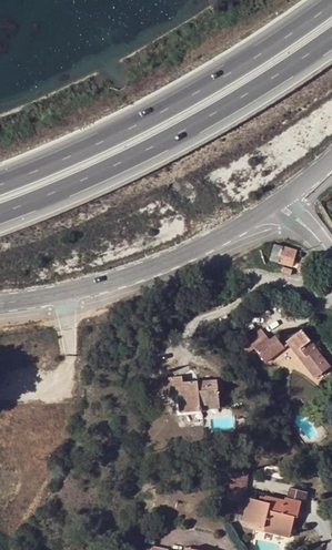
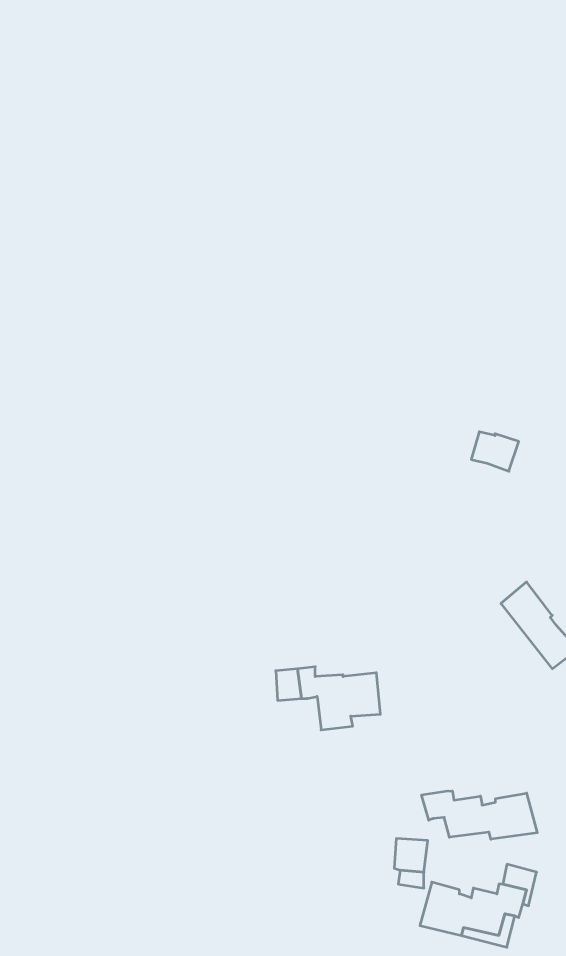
building: [241,329,284,363] -> none
building: none -> [422,791,537,839]

